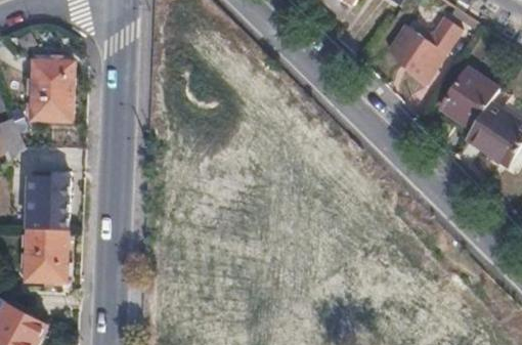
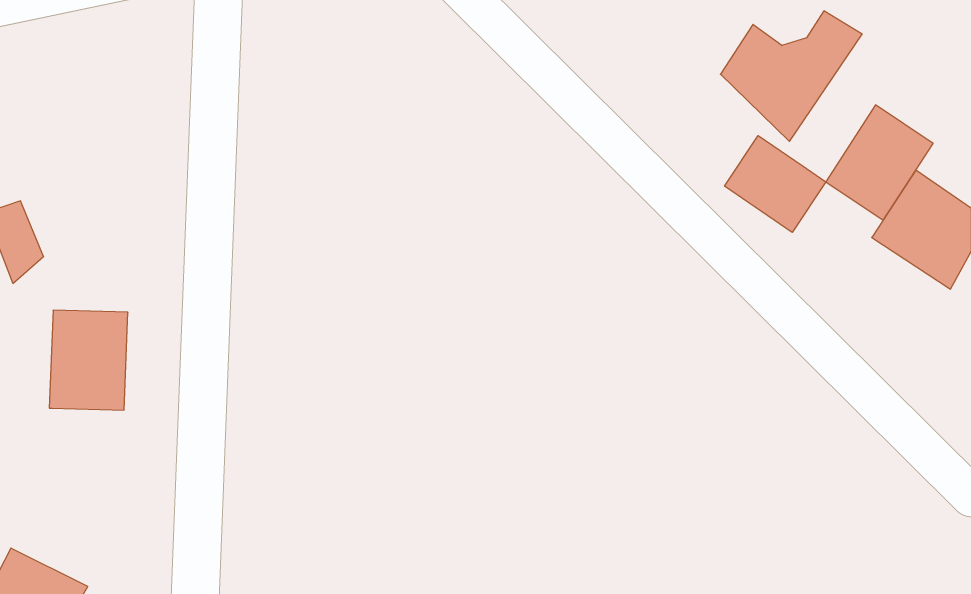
building: [30,60,74,121] -> none
building: none -> [725,136,826,232]
building: [26,228,67,281] -> none

